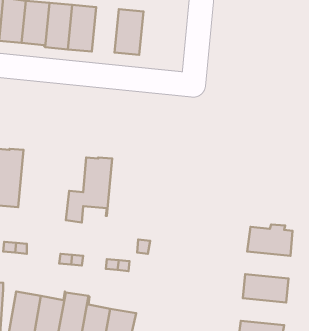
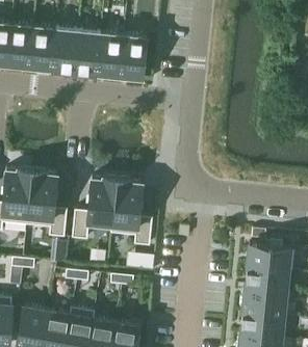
building: none -> [96,33,122,77]
building: none -> [25,170,67,238]
building: none -> [110,179,151,246]
building: none -> [243,268,287,294]
building: none -> [239,313,283,339]

